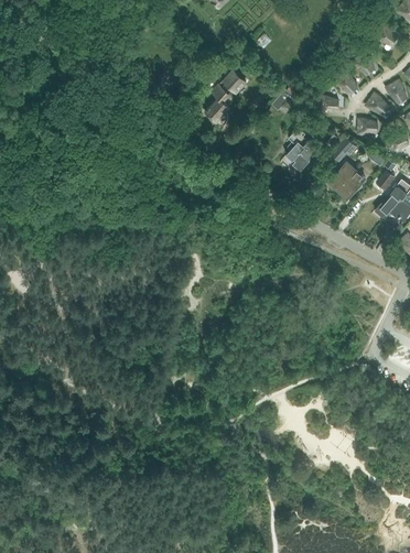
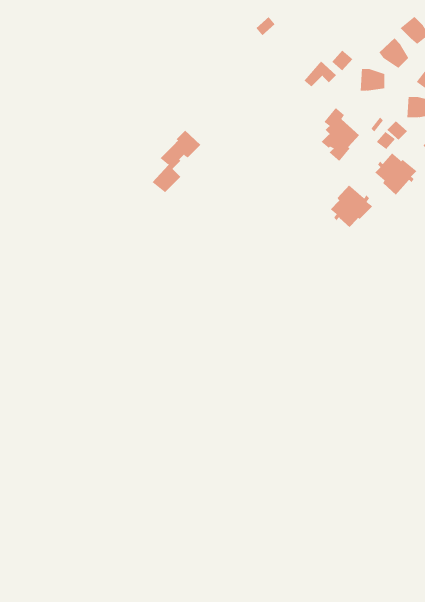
building: [206,69,247,121] -> [152,130,201,193]
building: none -> [330,184,373,228]

